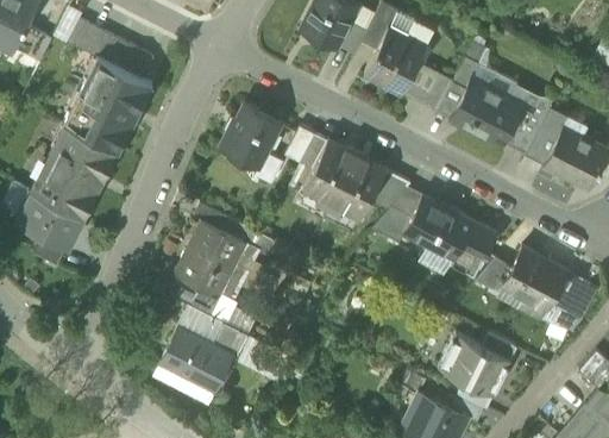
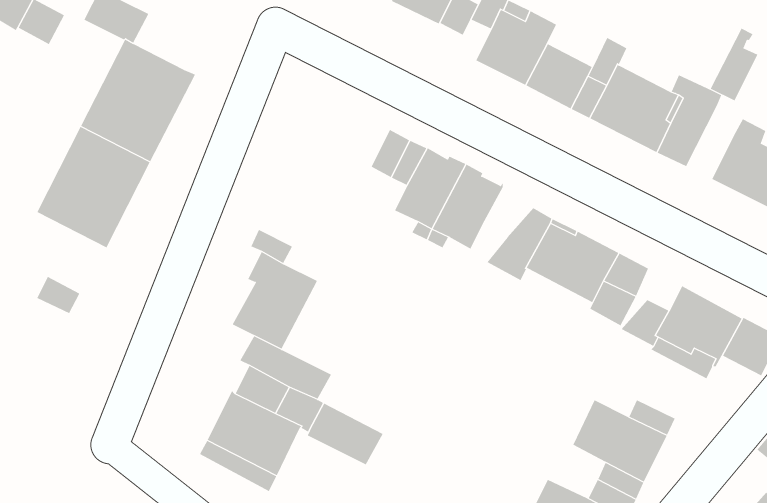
building: [105,39,156,82] -> none
building: [220,105,282,168] -> none
building: [526,110,563,165] -> [710,28,758,101]
building: [371,171,412,209] -> none
building: [15,190,84,249] -> none

